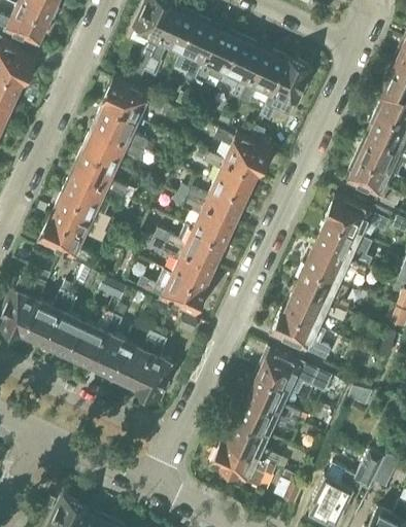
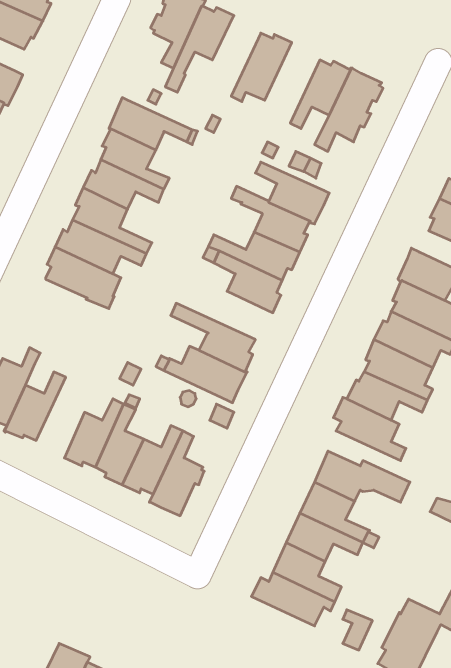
building: [174,16,218,78] -> none
building: [222,37,264,99] -> none
building: [38,215,100,267] -> none
building: [154,225,228,265] -> none
building: [46,293,83,355] -> none

